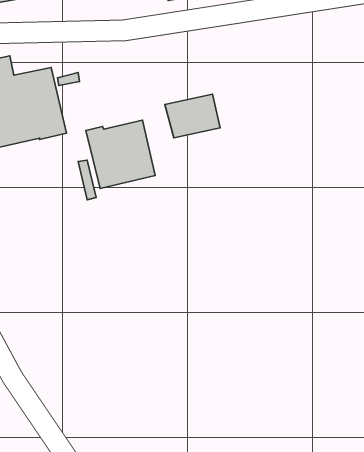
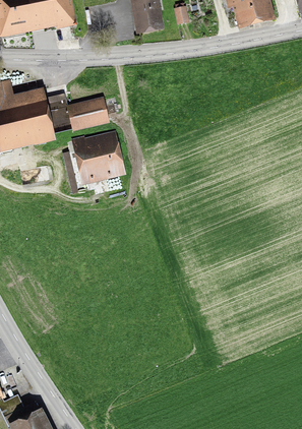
building: [165,94,220,138] -> [65,96,109,130]

